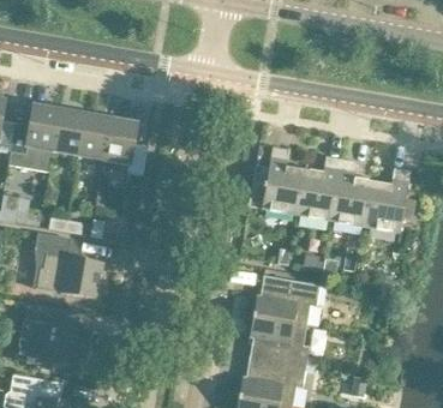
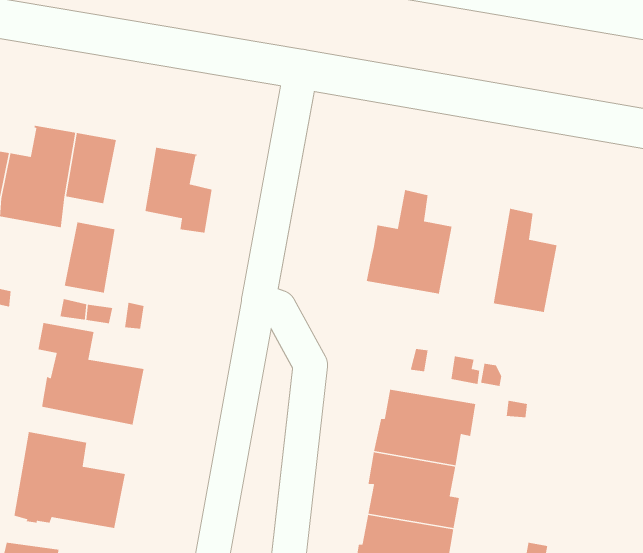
building: [77,113,110,160] -> [64,222,116,294]
building: [295,155,341,220] -> none
building: [364,167,415,232] -> none

